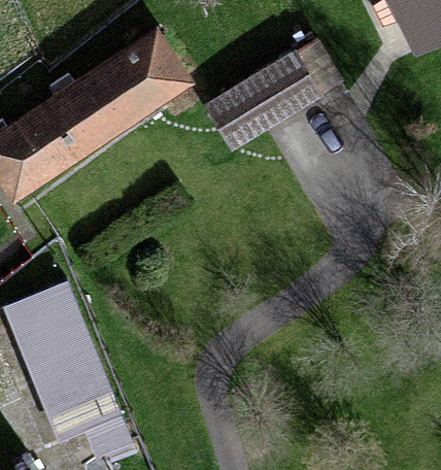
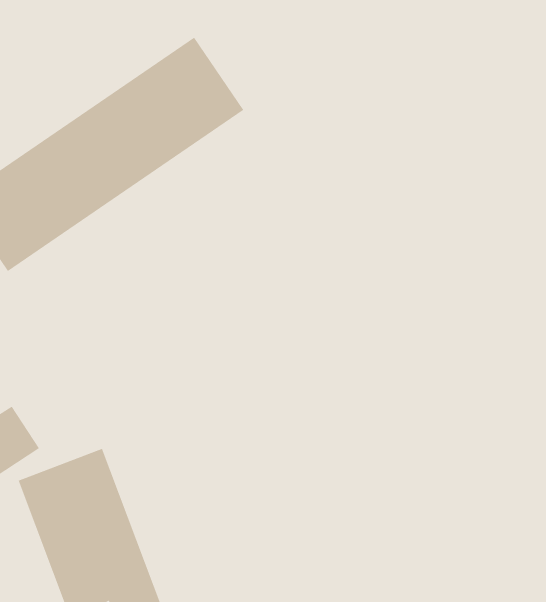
building: [207,61,312,147] -> none

